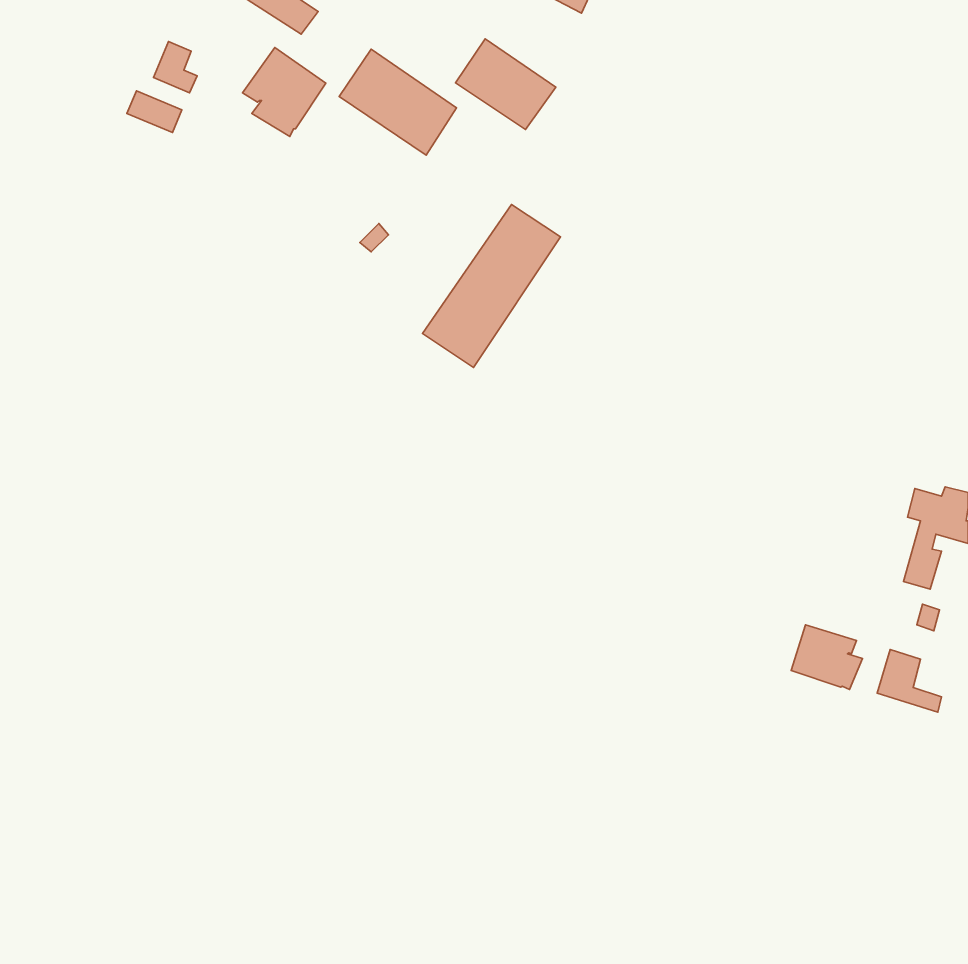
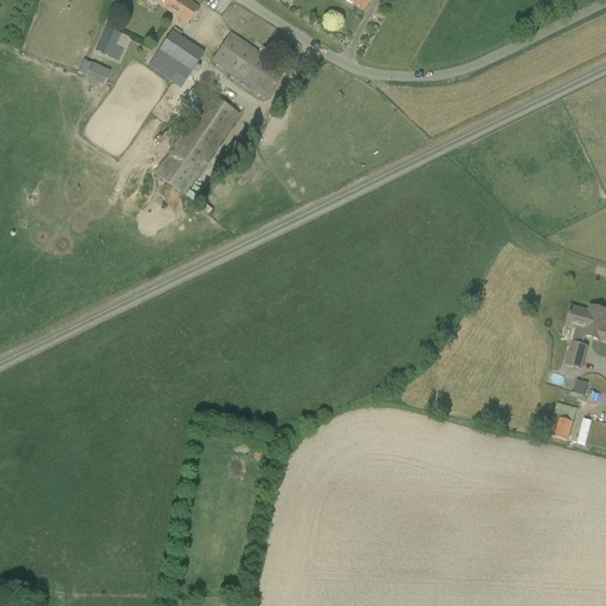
building: [455,39,556,130] -> none
building: [422,205,561,368] -> [154,92,240,194]
building: [791,625,862,690] -> none

